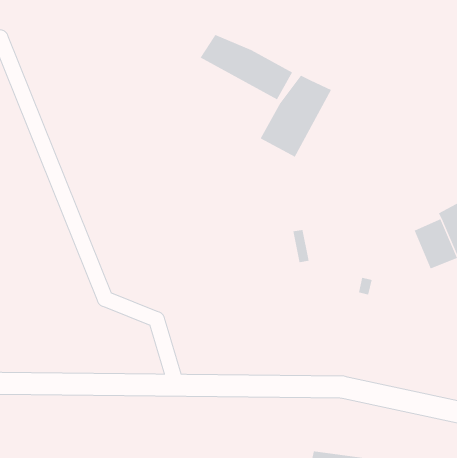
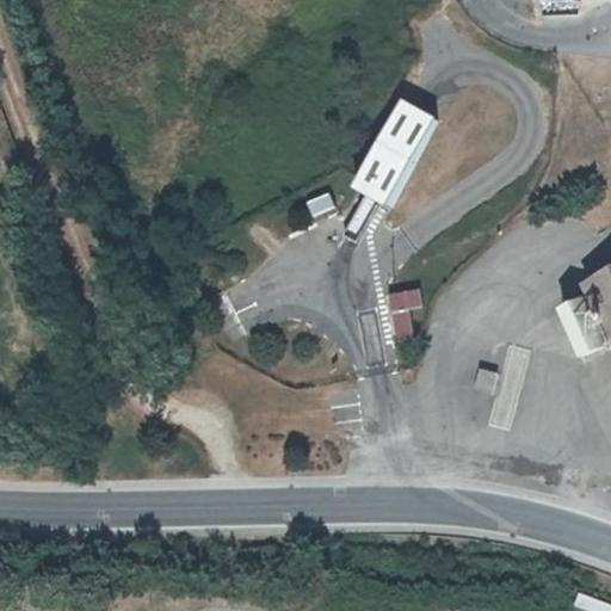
building: [200,34,293,100] -> none

